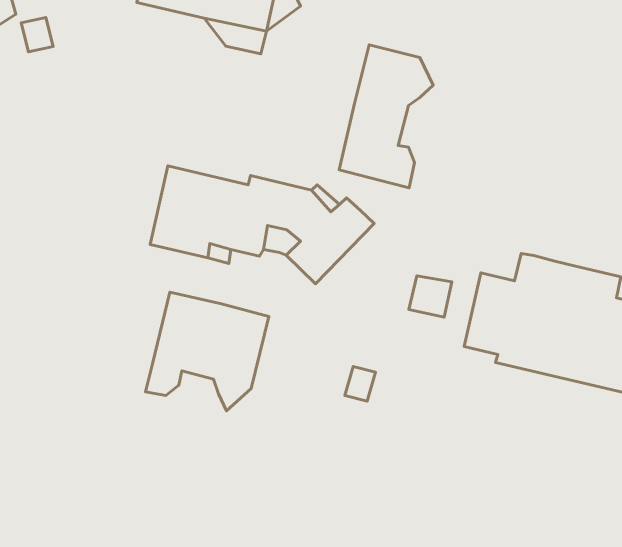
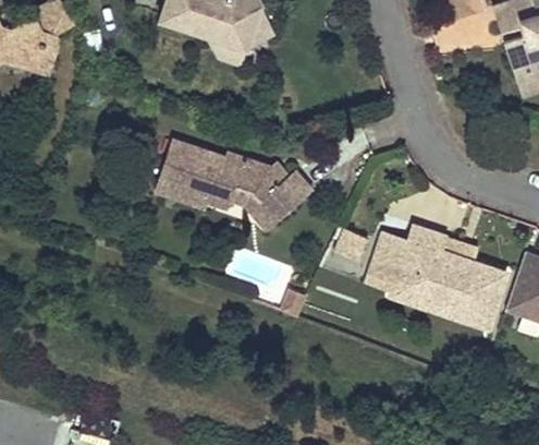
building: [339,45,433,188] -> none
building: [146,292,269,411] -> none

